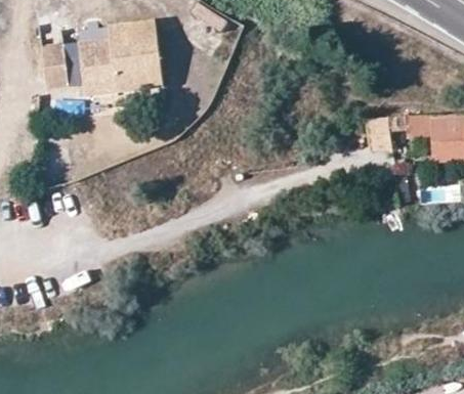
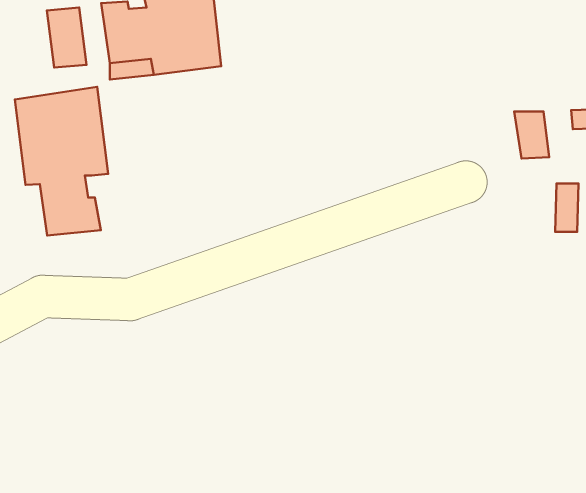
building: none -> [15,87,108,236]

